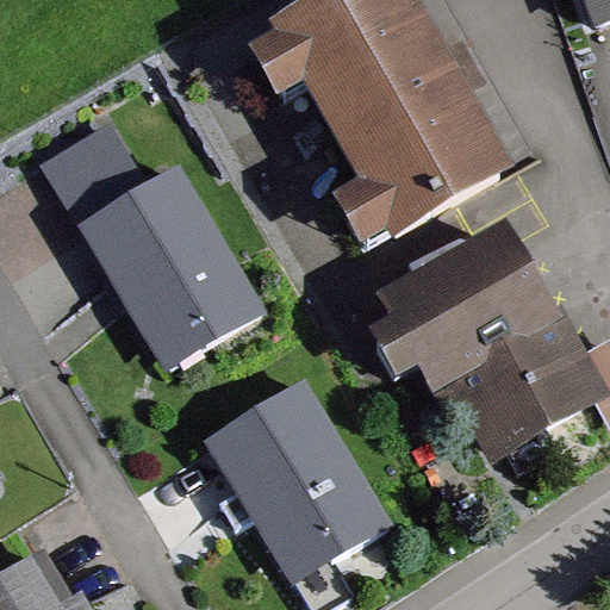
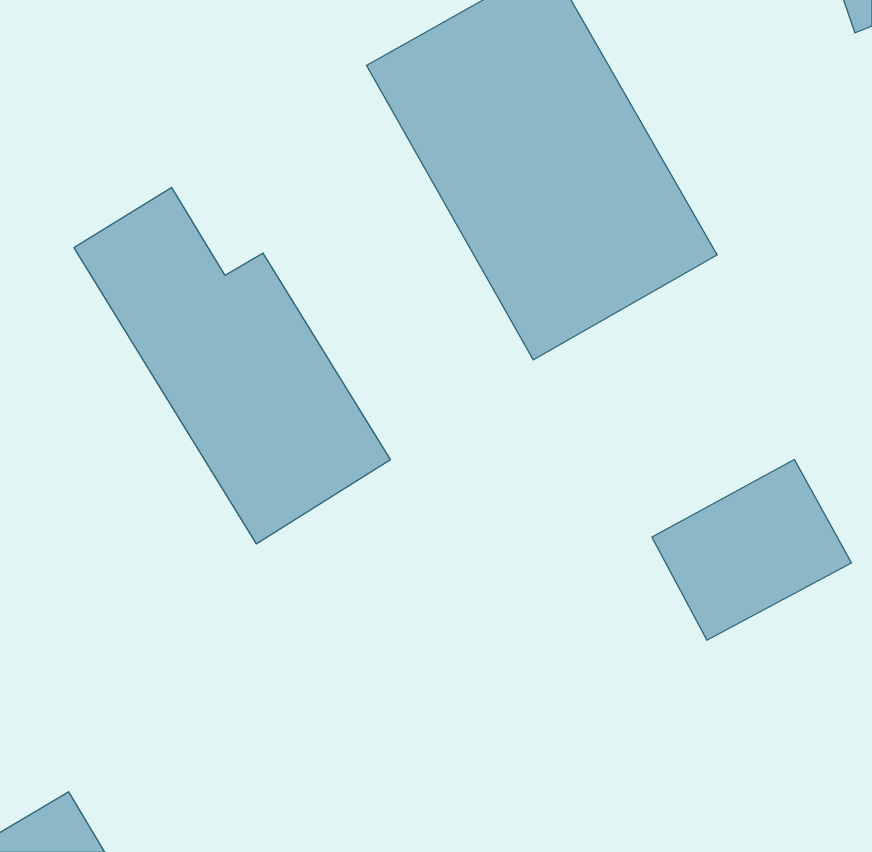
building: [385,229,550,381] -> none
building: [206,385,390,585] -> none

